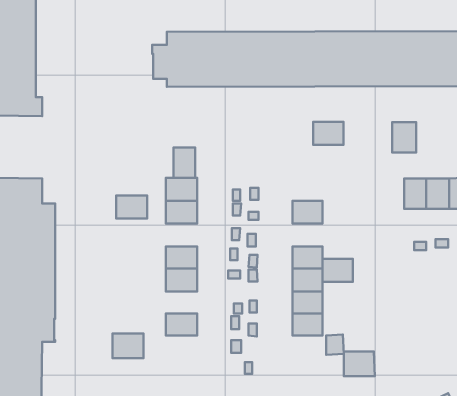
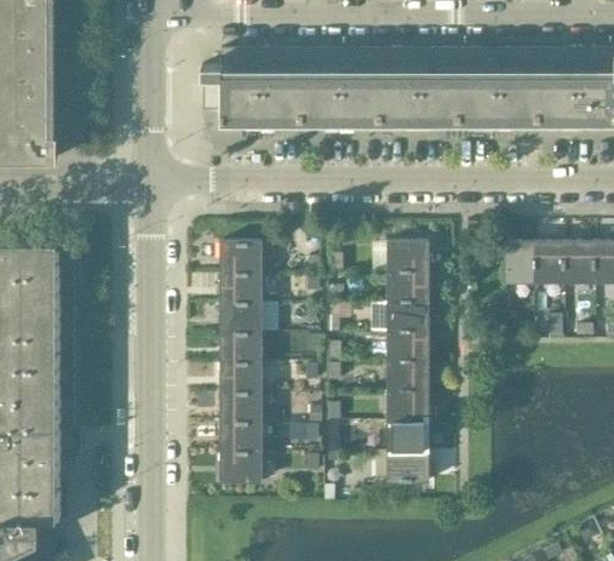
building: [313,122,344,145] -> [388,240,427,270]
building: [392,122,416,152] -> [504,241,535,281]
building: [173,147,195,178] -> none
building: [116,195,147,218] -> [220,300,262,331]
building: [323,259,353,282] -> [388,300,427,331]
building: none -> [220,390,262,419]
building: [112,334,144,358] -> [220,448,262,481]
building: [344,351,375,376] -> [388,448,429,481]

